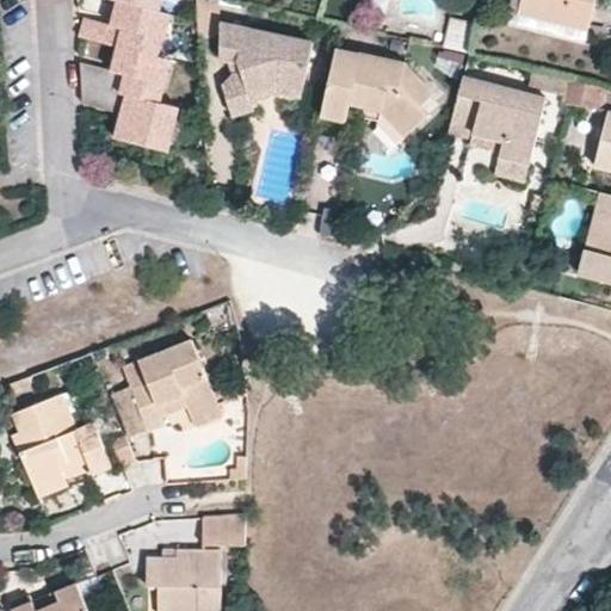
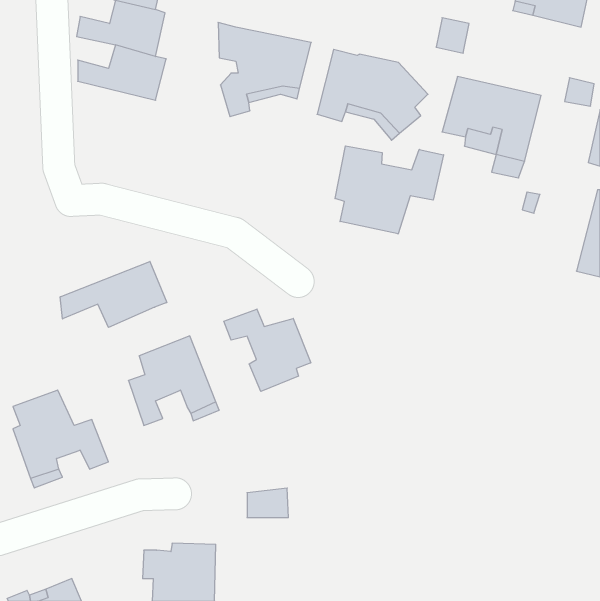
building: [79,82,177,150] -> none
building: none -> [335,146,444,234]
building: none -> [60,261,167,327]
building: none -> [224,309,311,391]
building: [202,514,243,544] -> [247,488,288,518]

